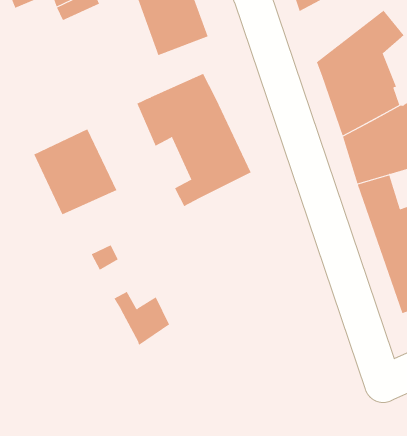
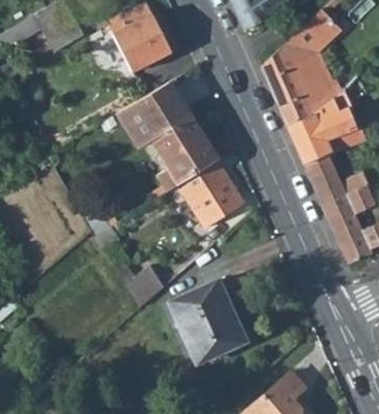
building: [34,129,117,215] -> none
building: none -> [178,159,245,229]
building: none -> [169,280,240,364]

